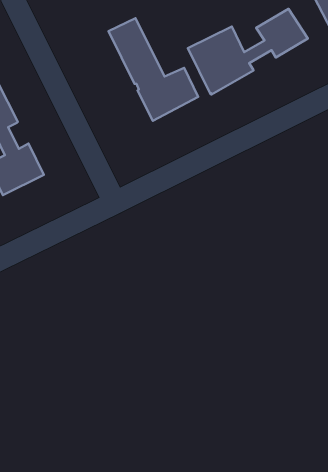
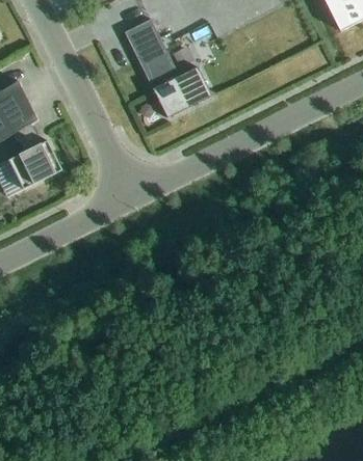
building: [188,9,308,95] -> none

